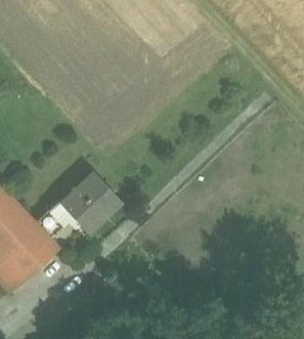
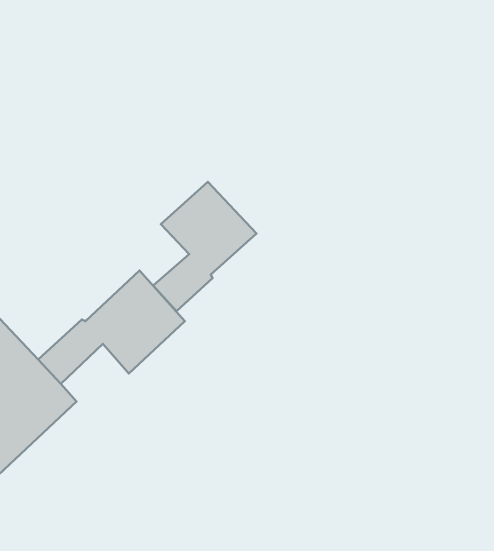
building: none -> [153,182,257,311]

